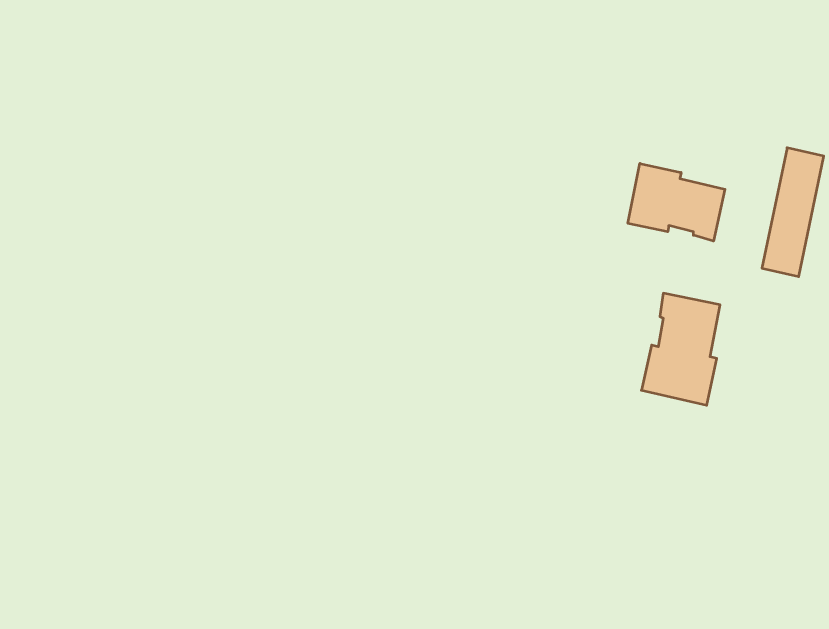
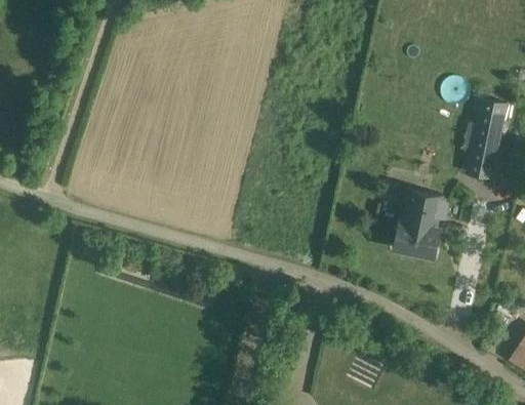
building: [628,163,725,241] -> none

